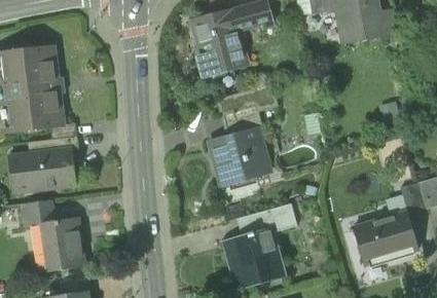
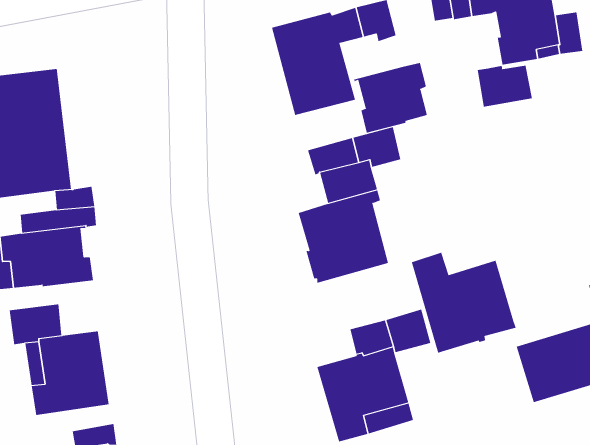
building: none -> [353,62,428,134]
building: none -> [477,65,532,107]
building: none -> [411,252,516,354]

